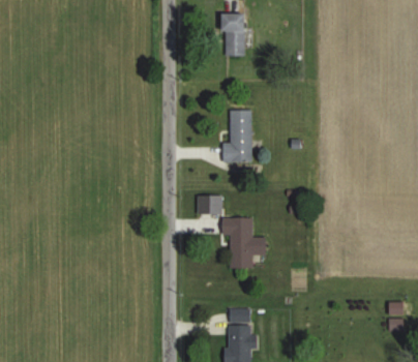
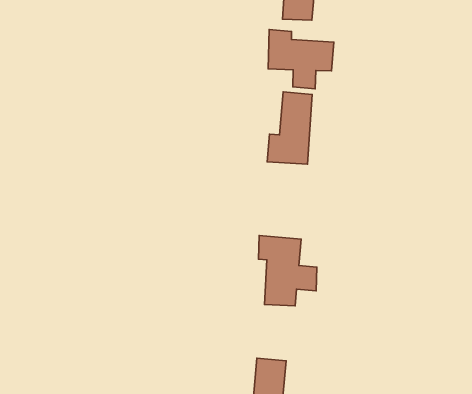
building: none -> [268,30,334,89]
building: [196,197,221,215] -> none

